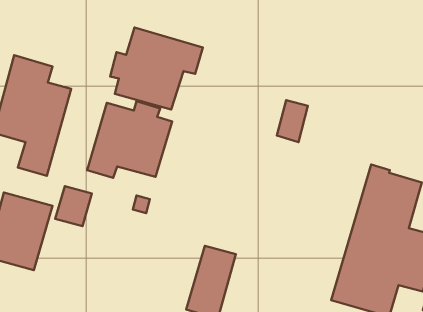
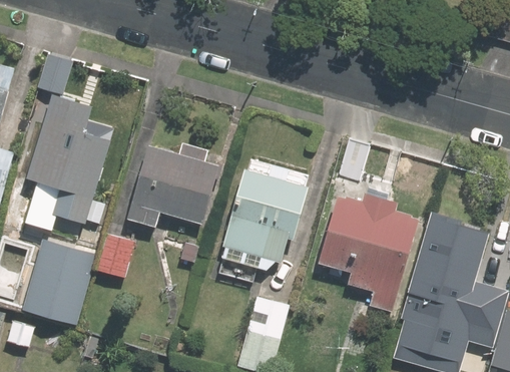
building: [110,27,203,110] -> none
building: none -> [224,158,309,269]
building: none -> [322,193,419,313]

